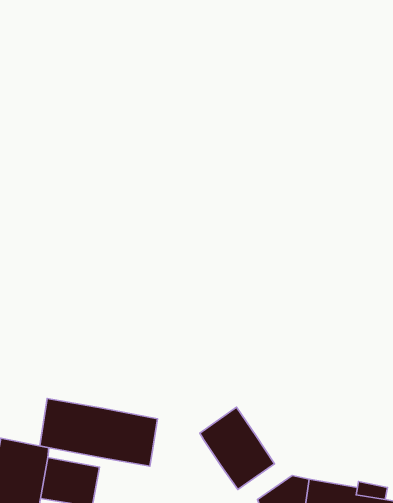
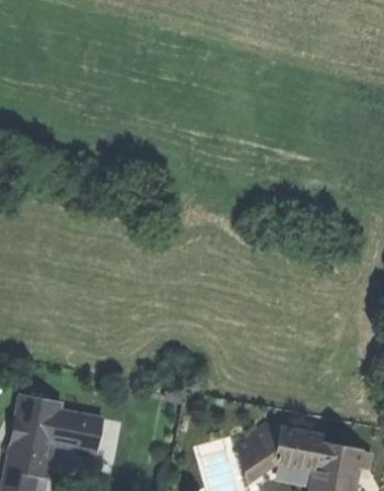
building: [40,399,158,466] -> none
building: [200,407,274,490] -> none

